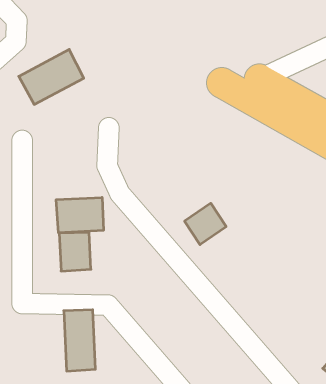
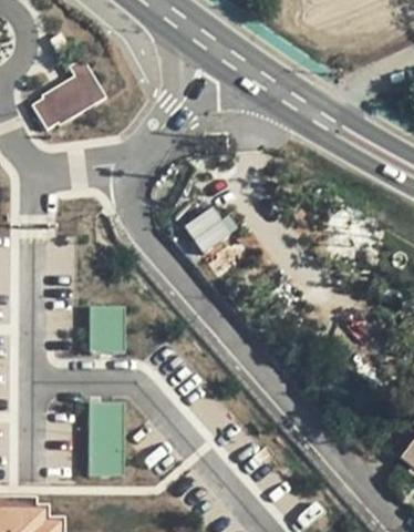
building: [56,197,103,233] -> none
building: [185,203,226,245] -> [186,204,237,255]

